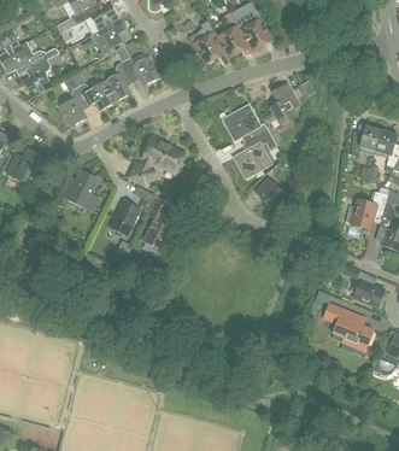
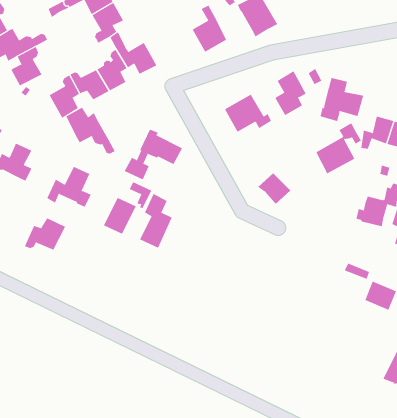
building: [216,25,248,58] -> none
building: none -> [320,77,364,122]
building: none -> [65,107,116,154]
building: [233,129,276,177] -> [315,123,362,174]
building: none -> [24,218,66,251]
building: [322,303,372,351] -> none

